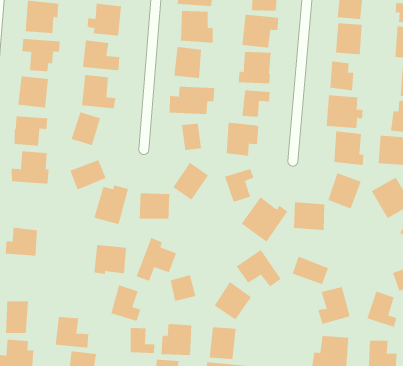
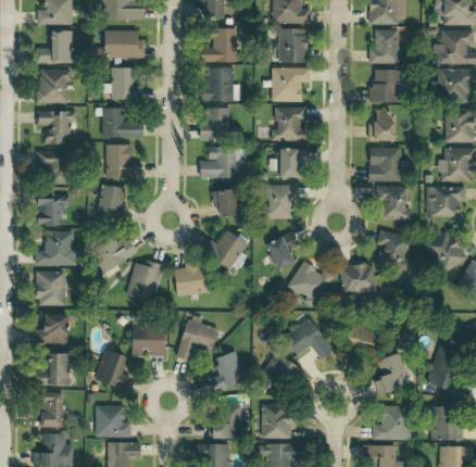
building: none -> [35,272,65,306]
building: none -> [43,353,70,386]
building: [110,285,141,321] -> [97,351,129,389]
building: [130,327,155,354] -> none

